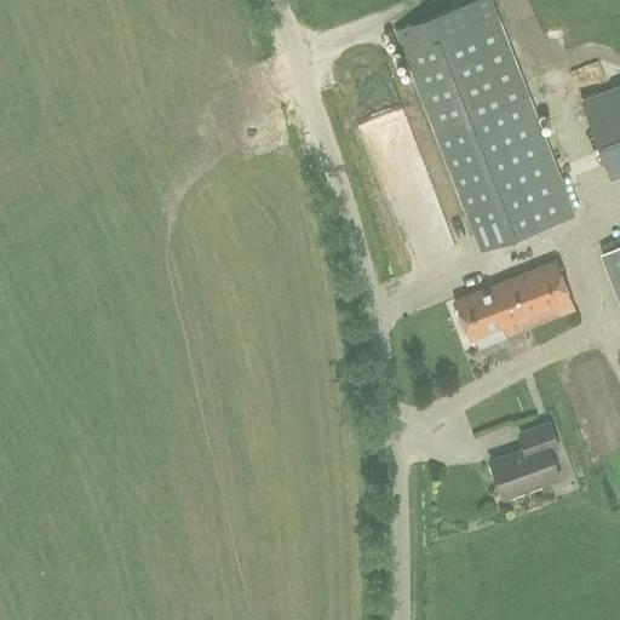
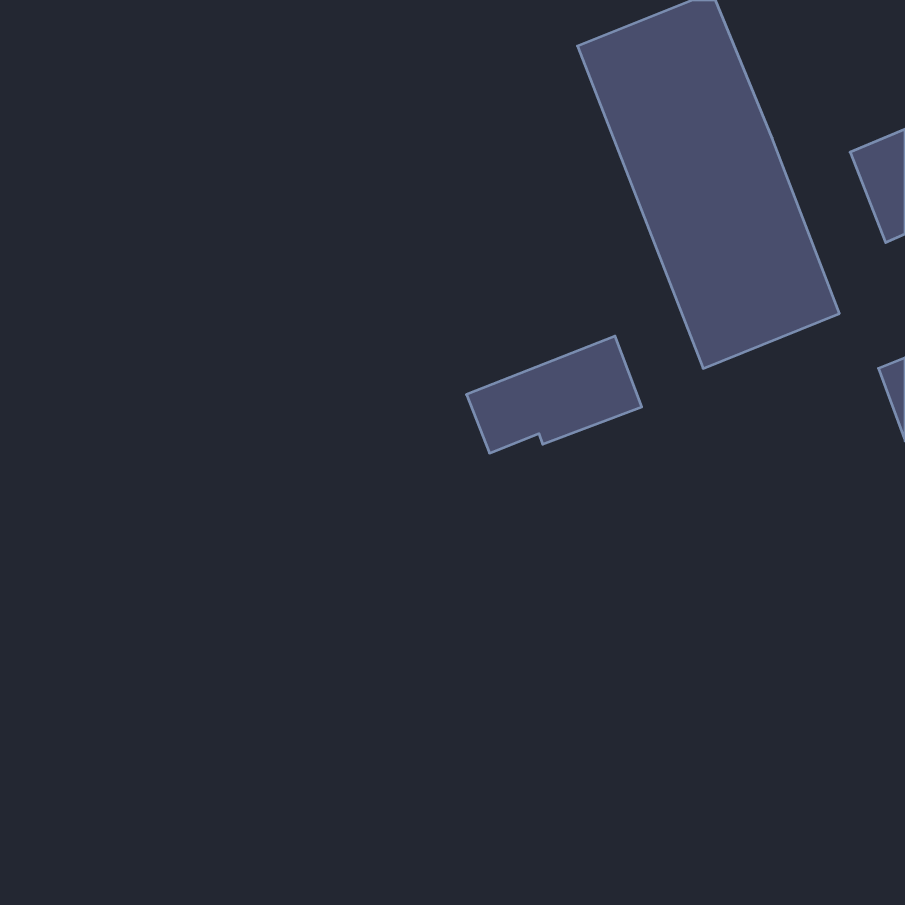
building: [455,260,575,340] -> [466,336,642,453]
building: [490,423,559,496] -> none

